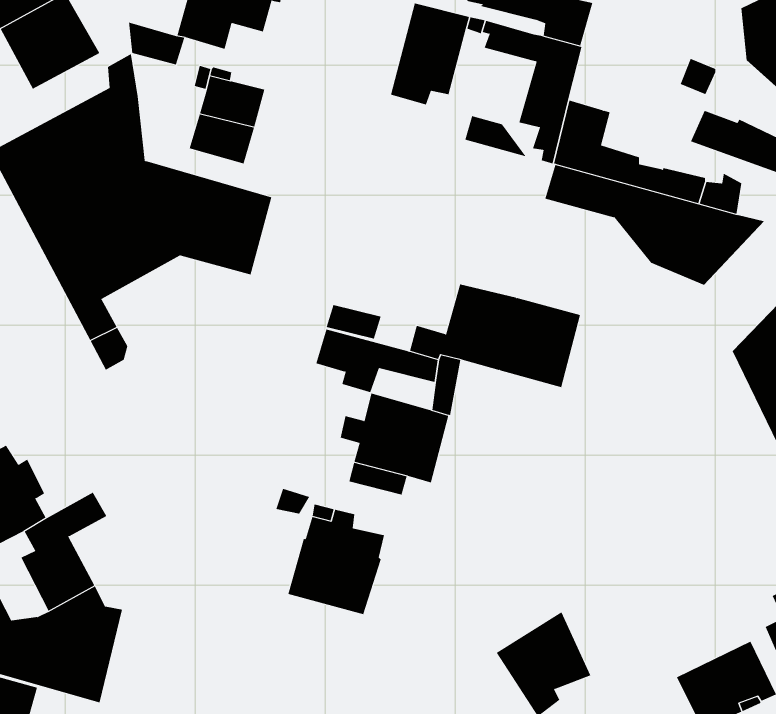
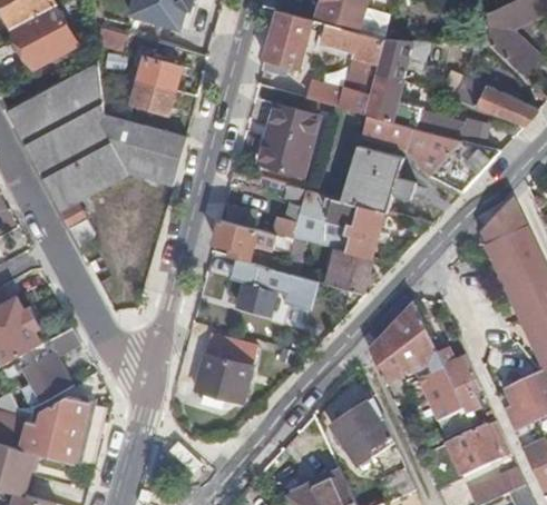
building: none -> [375,38,412,80]
building: none -> [258,103,318,175]
building: none -> [342,143,414,211]
building: none -> [325,246,373,293]
building: none -> [368,306,479,437]

